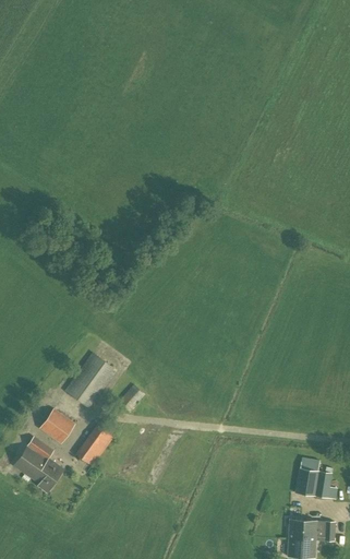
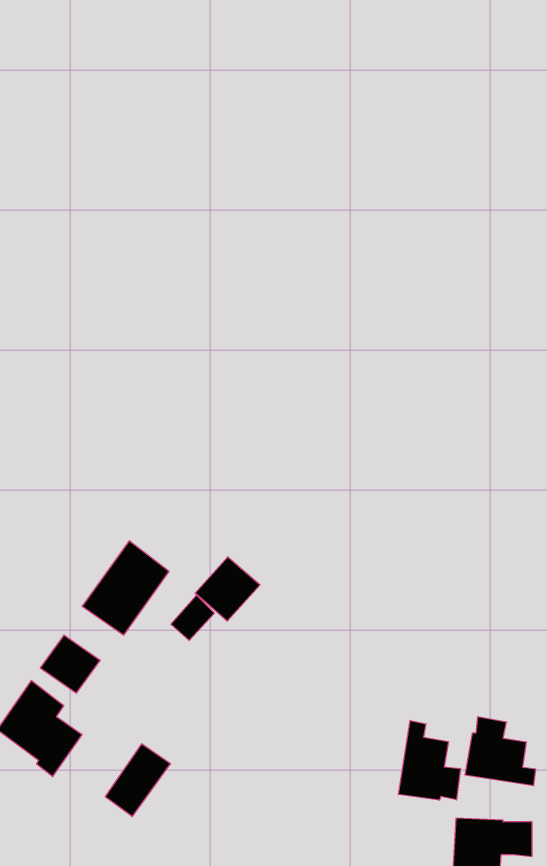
building: none -> [195,557,260,621]
building: [75,423,114,466] -> [105,744,171,817]
building: none -> [398,720,461,800]

